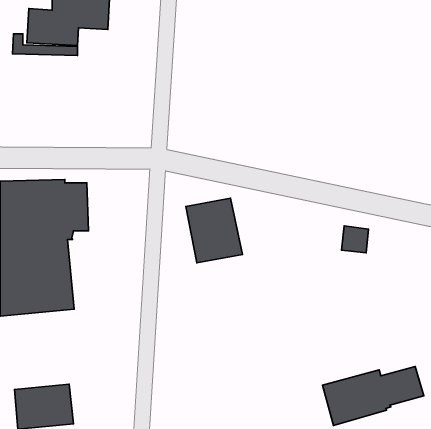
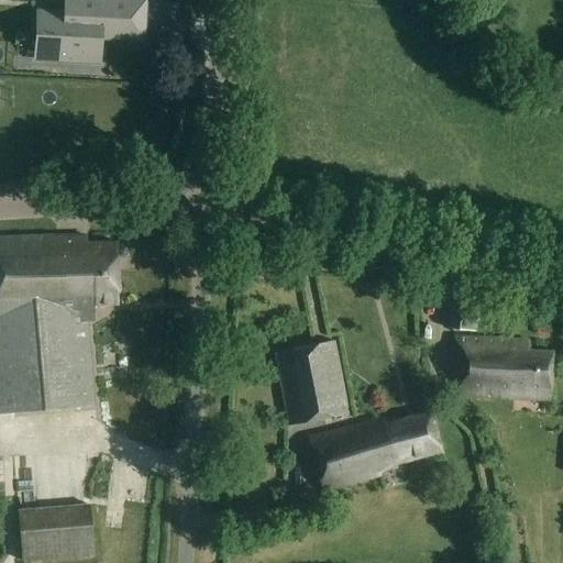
building: [186,198,242,263] -> [275,340,349,424]
building: none -> [450,335,552,400]
building: [323,366,424,425] -> [309,412,441,489]

